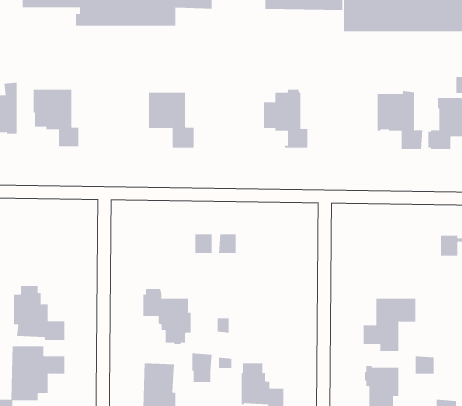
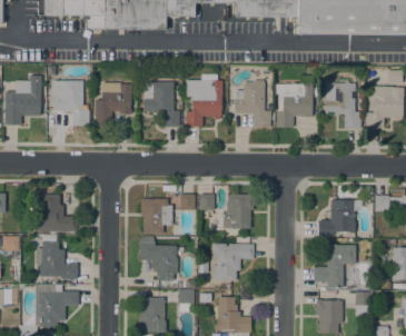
building: none -> [185,72,222,126]
building: none -> [95,81,131,125]
building: none -> [274,82,313,127]
building: none -> [34,192,77,230]
building: none -> [222,194,254,227]
building: none -> [140,198,172,233]
building: none -> [318,199,362,235]
building: none -> [212,243,254,279]

